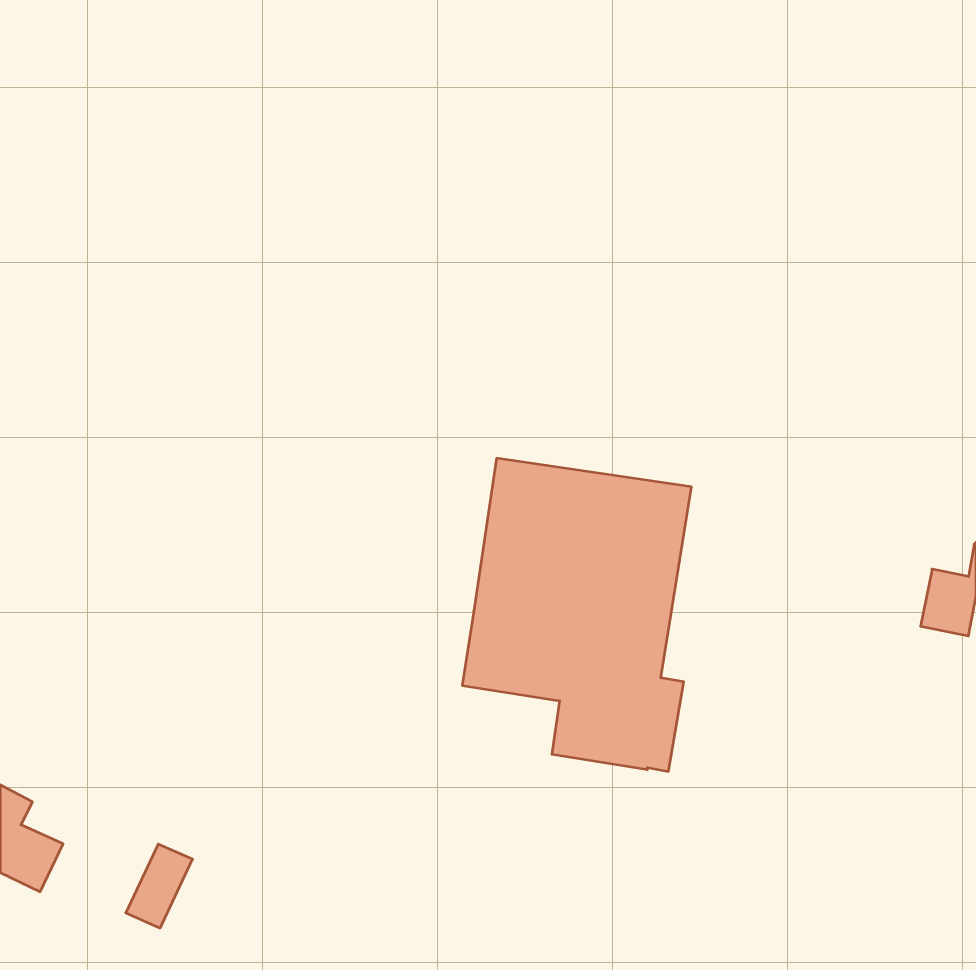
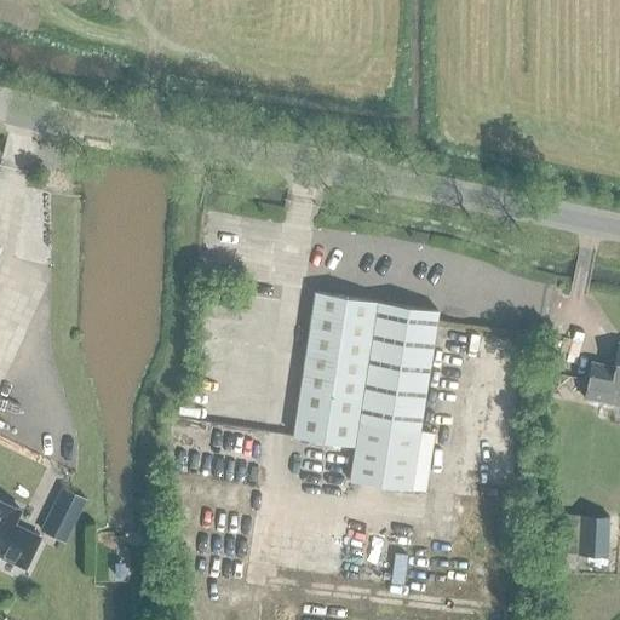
building: none -> [579,519,609,559]
building: [126,844,193,928] -> [41,492,84,545]

